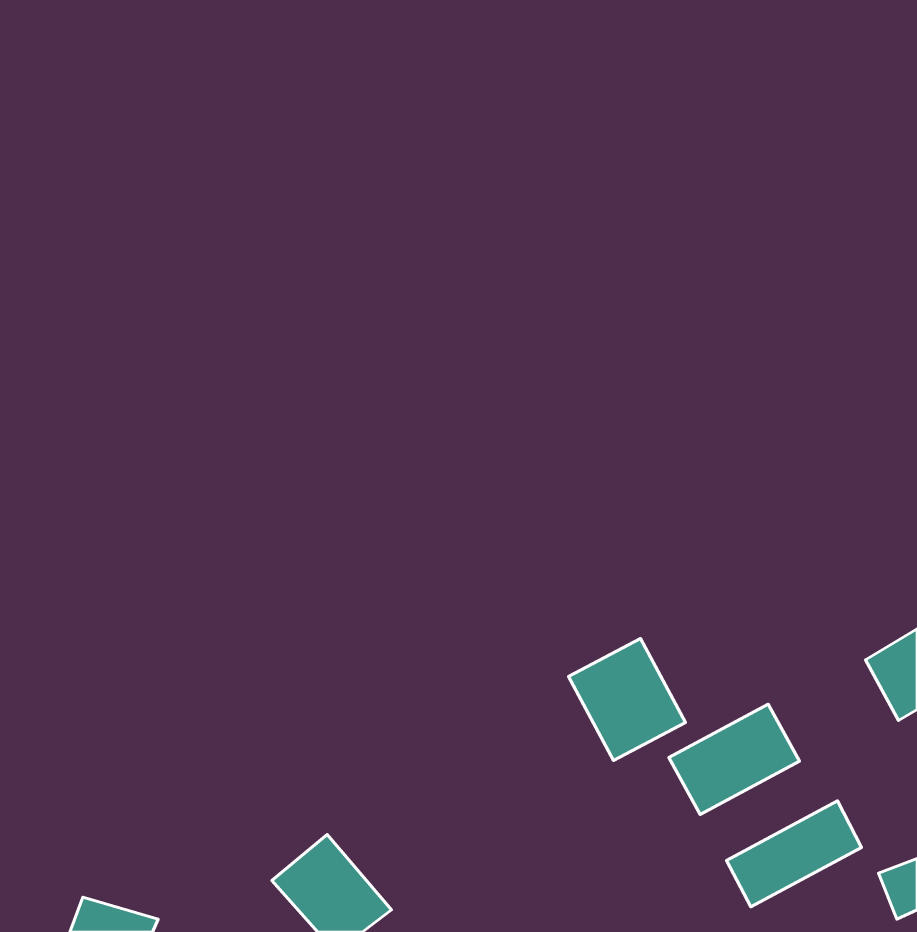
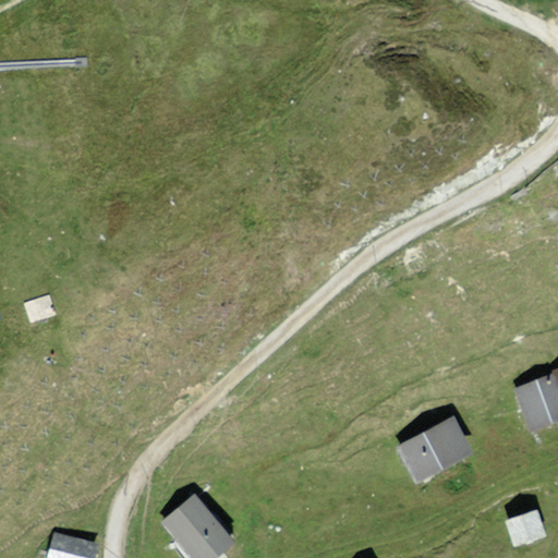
building: [569,638,686,761] -> none
building: [727,801,862,907] -> none

